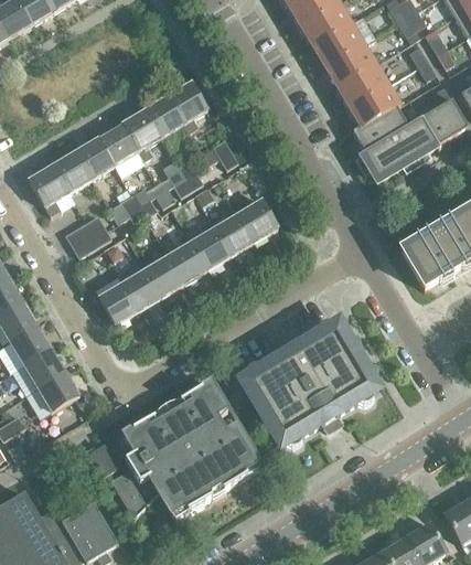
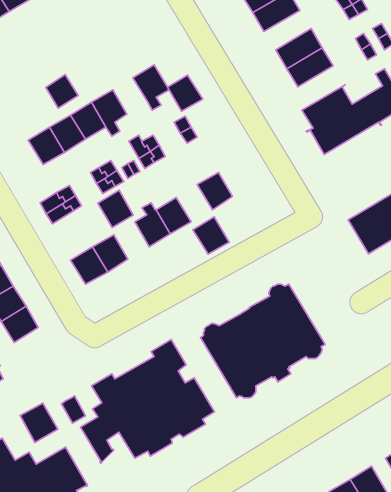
building: [310,22,362,65] -> none
building: [347,83,399,131] -> none
building: none -> [46,75,78,108]
building: [144,96,183,136] -> [167,75,203,111]
building: [29,164,68,213] -> none
building: [214,213,254,254] -> [193,217,229,254]
building: [146,254,184,295] -> [98,190,133,227]
building: [36,370,77,411] -> none
building: none -> [20,403,58,442]

